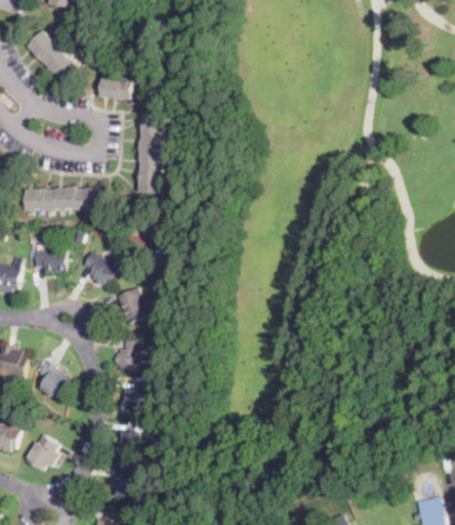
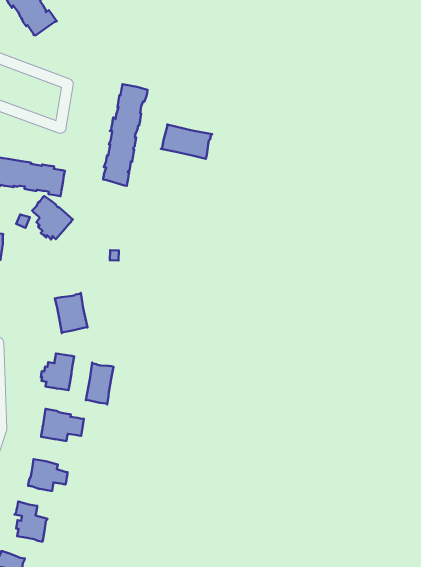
building: [99,75,131,99] -> none
building: none -> [161,124,212,159]
building: [82,251,117,286] -> [32,196,73,240]
building: none -> [86,363,113,405]

